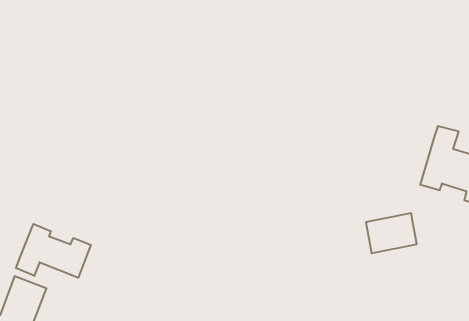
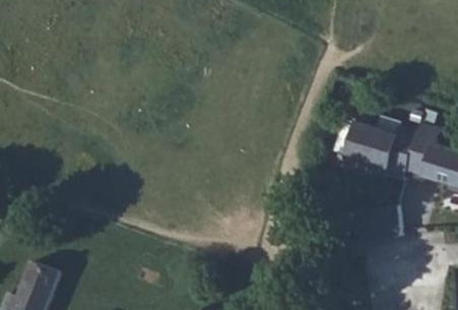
building: none -> [347,122,417,177]
building: [16,224,91,278] -> none

